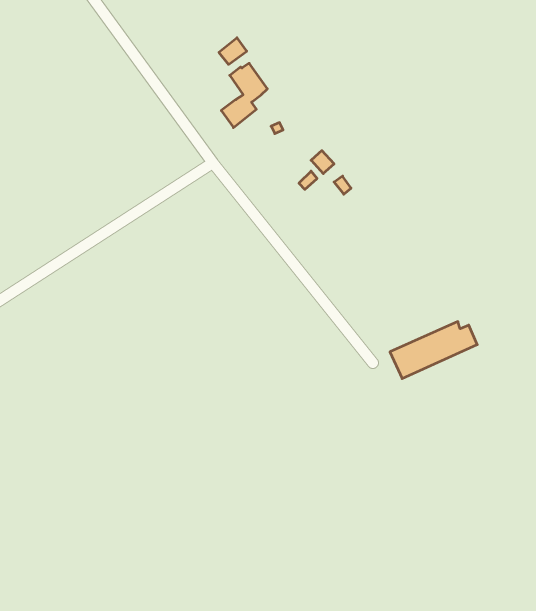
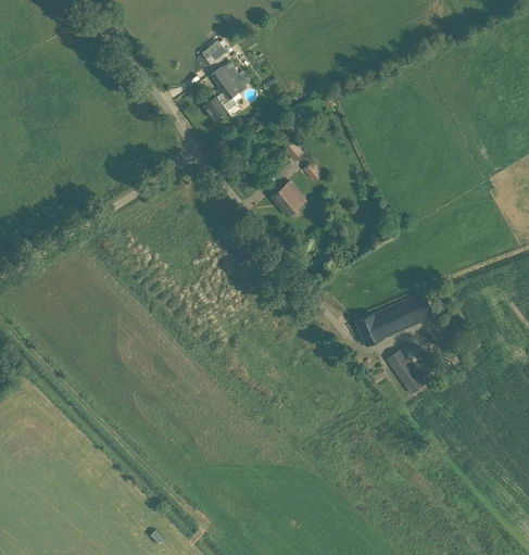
building: none -> [272,181,306,214]
building: none -> [385,349,425,394]

